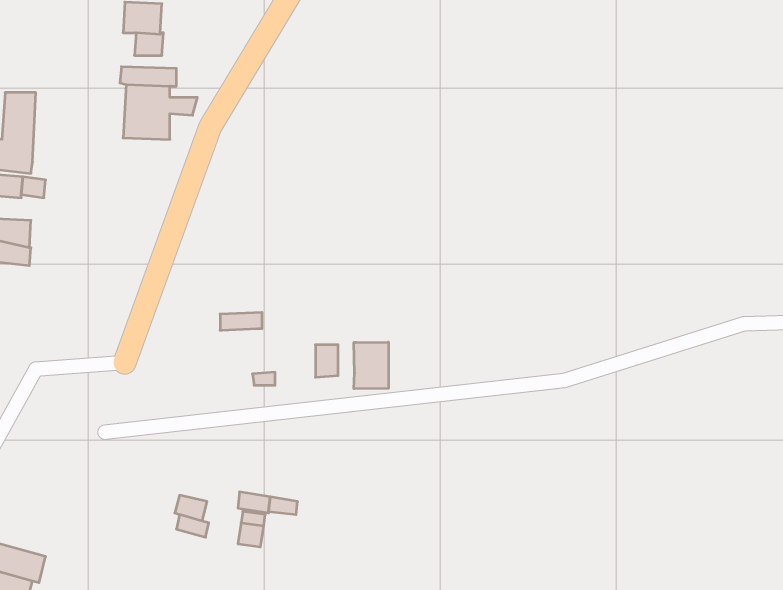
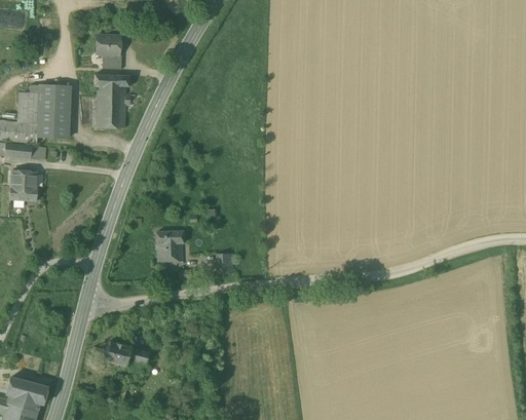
building: none -> [37,85,70,138]
building: none -> [157,242,180,262]
building: [354,342,388,389] -> none
building: none -> [104,342,130,367]

